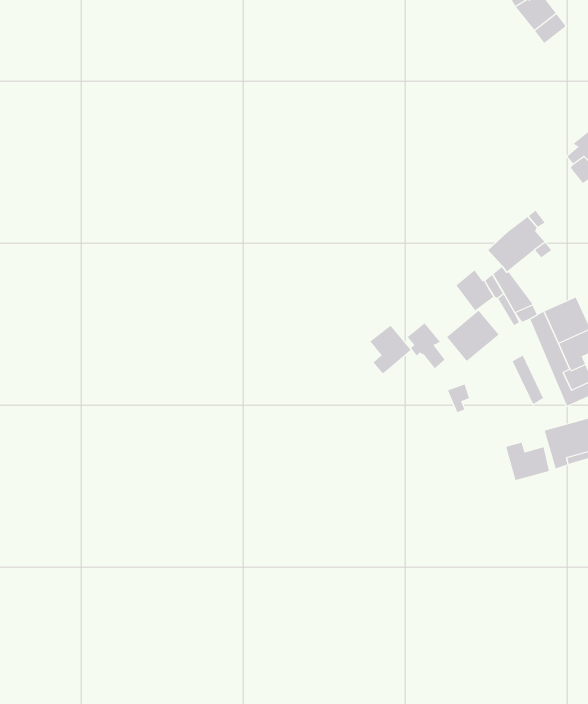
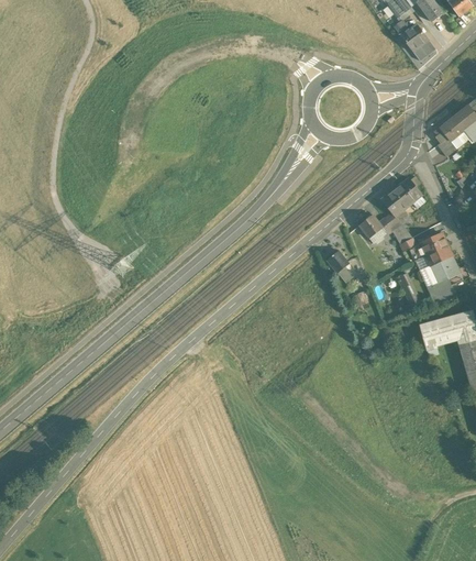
building: [446,310,499,362] -> none
building: [369,325,412,374] -> none
building: [506,442,550,481] -> none

